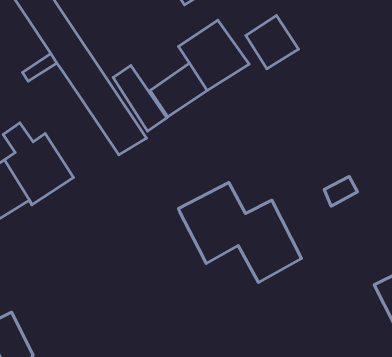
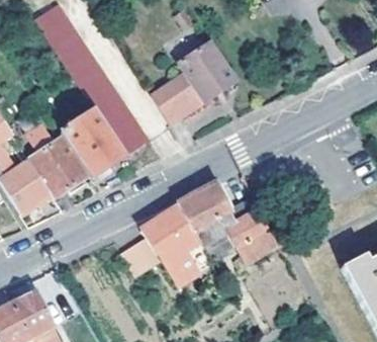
building: [246,15,298,69] -> none
building: none -> [61,109,126,179]
building: none -> [121,204,198,287]

